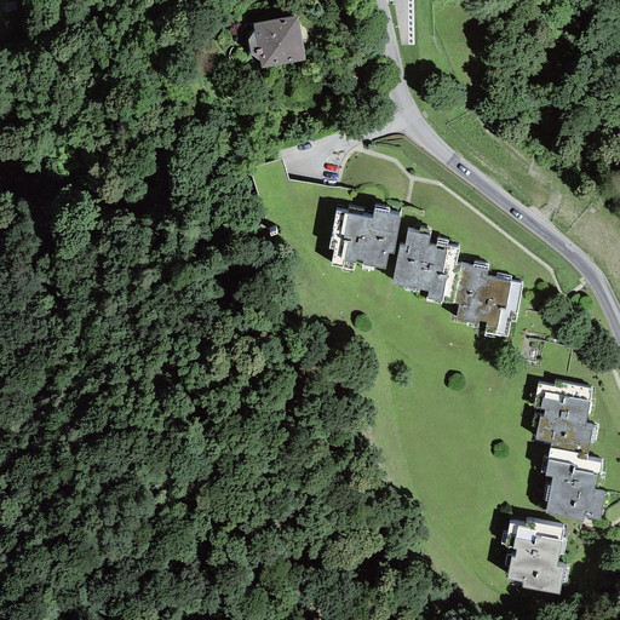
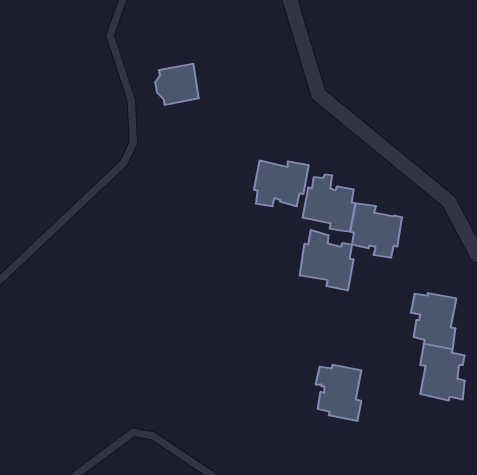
building: [248,13,305,67] -> [155,64,199,105]
building: none -> [300,230,353,291]
building: [505,519,564,592] -> [316,365,361,421]

